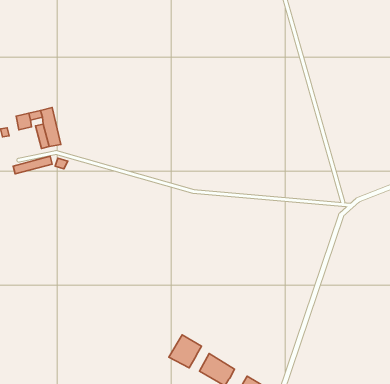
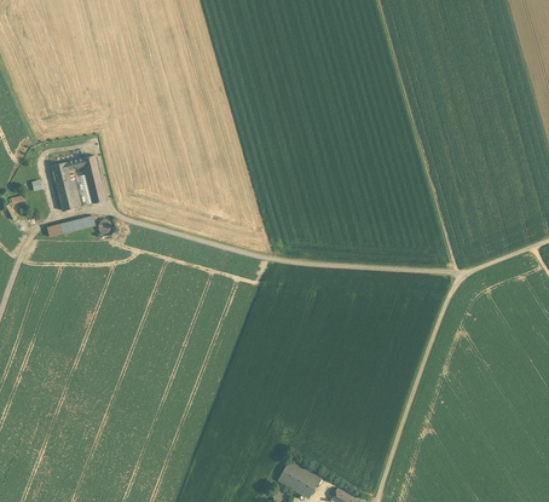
building: none -> [52,177,80,209]
building: [169,335,202,368] -> none

